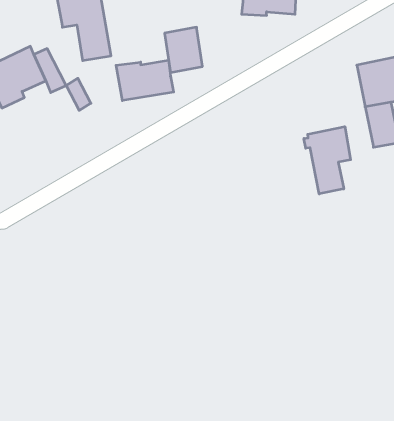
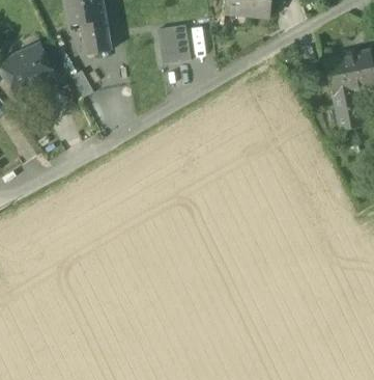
building: [116,60,174,101] -> none
building: [304,127,351,194] -> none

